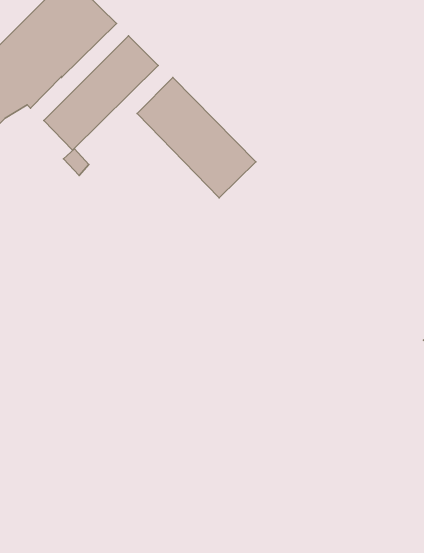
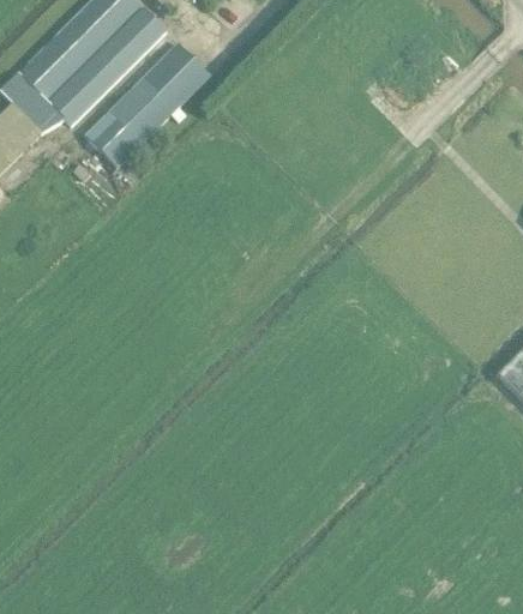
building: [137,78,256,198] -> none

